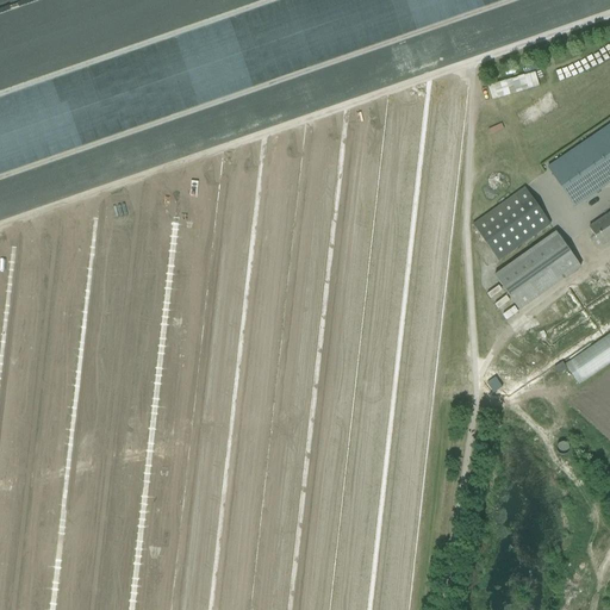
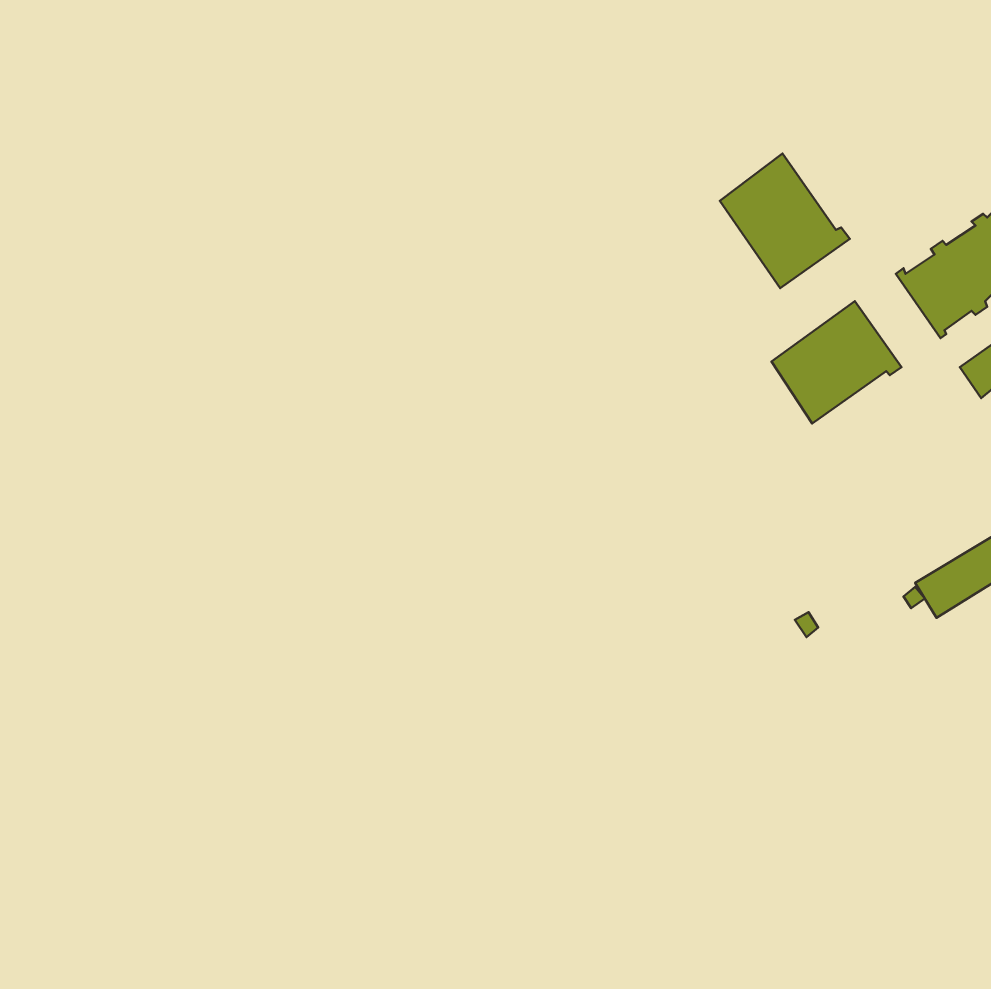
building: none -> [720,154,850,288]
building: [498,229,583,305] -> none

